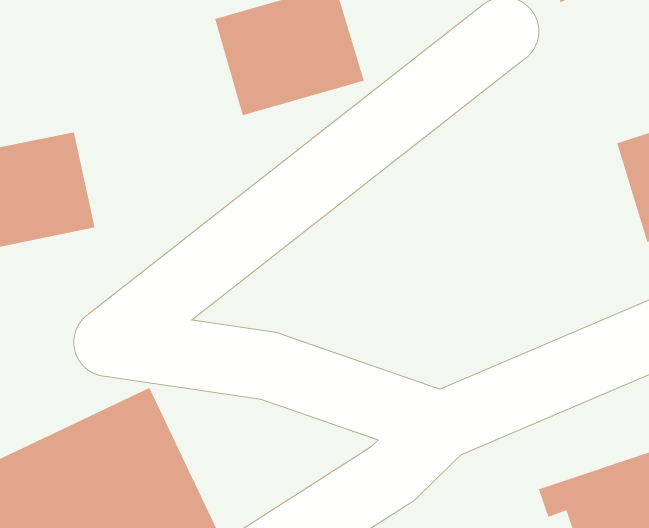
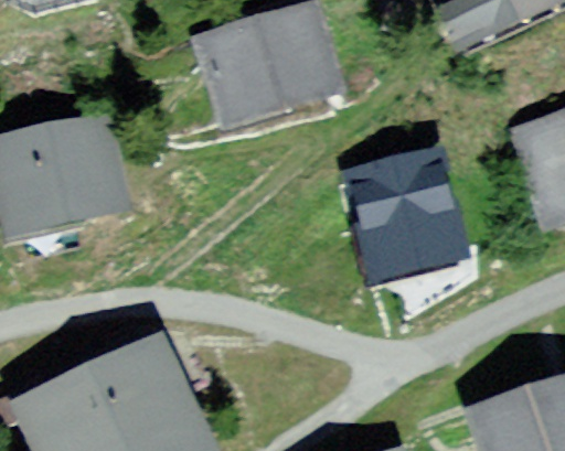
building: none -> [356,160,456,269]

